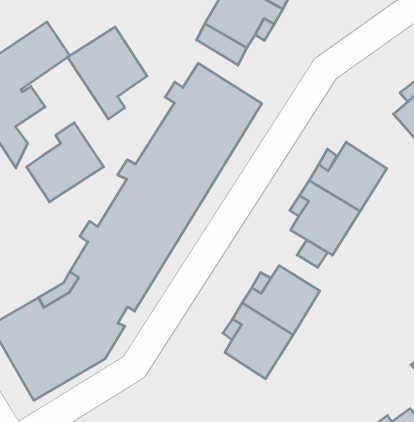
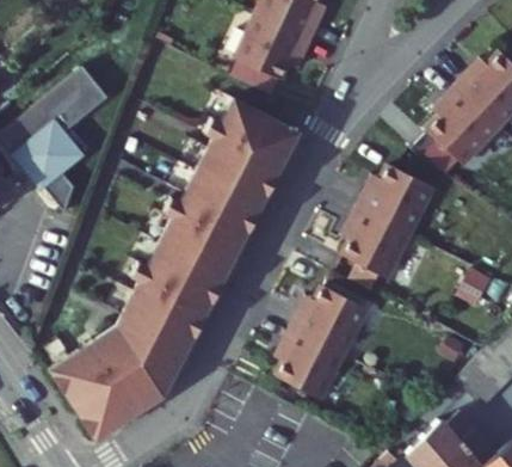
building: [67,27,147,119] -> none
building: [27,123,104,202] -> none

